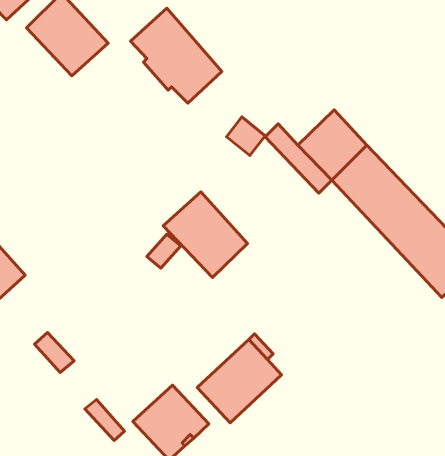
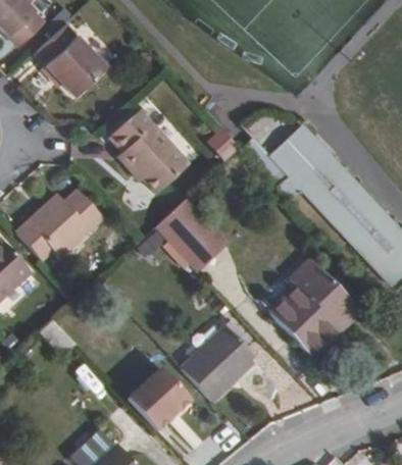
building: [131,8,222,103] -> [107,111,187,194]
building: none -> [16,189,103,259]
building: none -> [262,253,357,353]

